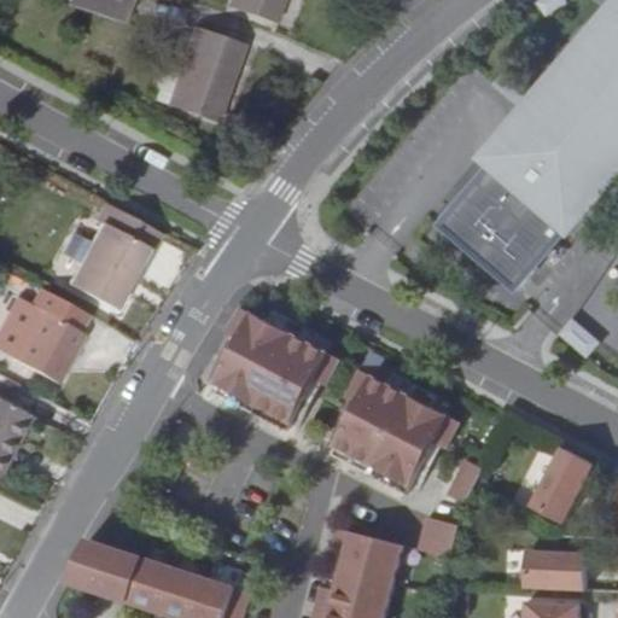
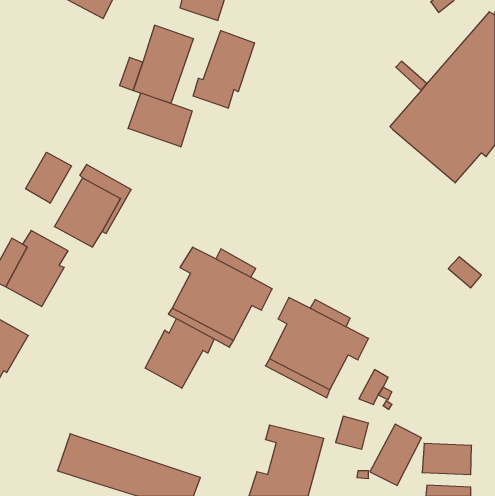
building: none -> [193,31,254,108]
building: none -> [128,93,192,147]
building: [436,161,562,285] -> none
building: none -> [26,152,72,203]
building: none -> [145,319,214,388]
building: [529,447,593,523] -> [370,424,421,485]

